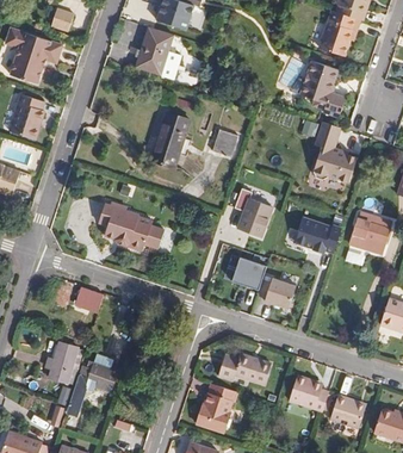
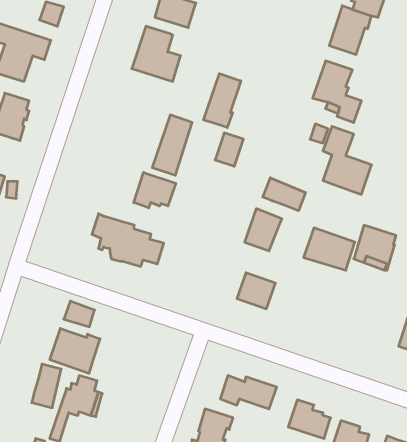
building: none -> [204,74,241,128]
building: none -> [134,172,176,208]
building: none -> [263,178,305,211]
building: [267,279,299,311] -> none
building: none -> [50,328,100,373]

